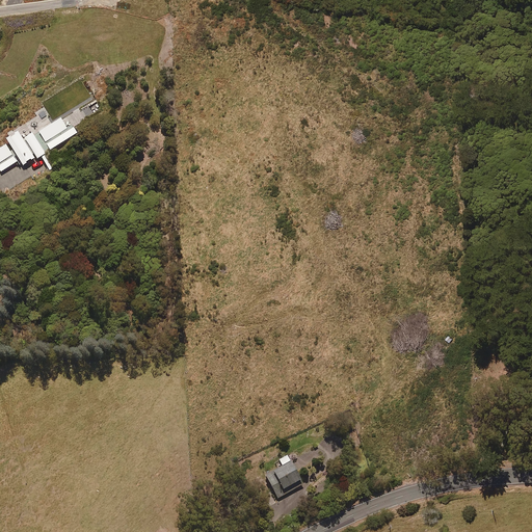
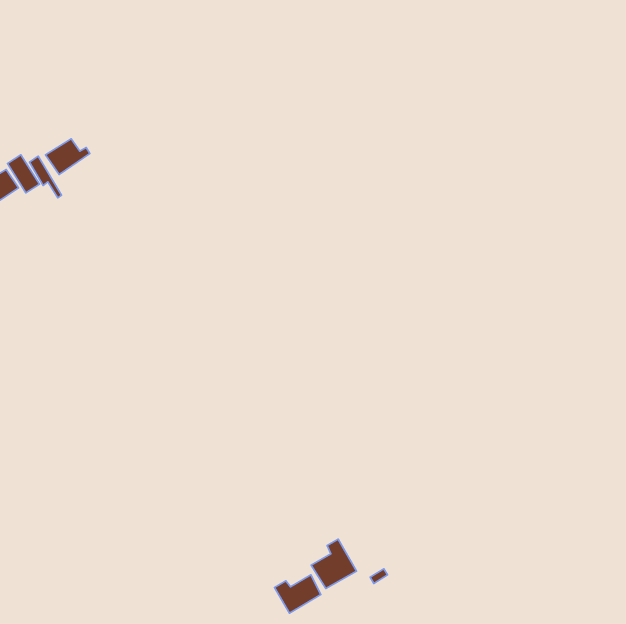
building: none -> [275,575,321,613]

